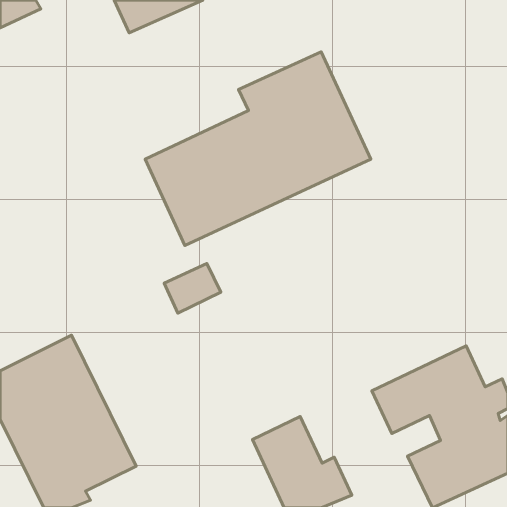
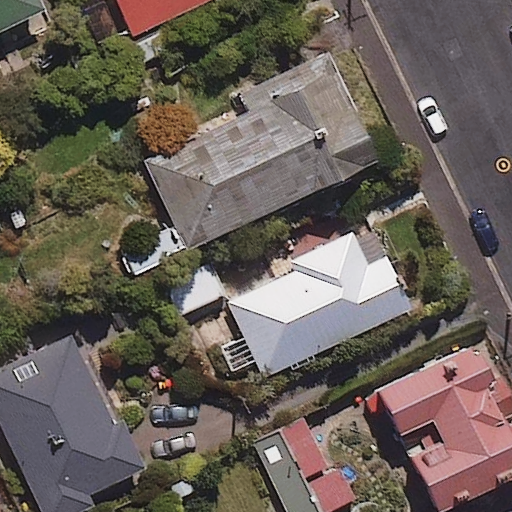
building: none -> [231,236,409,376]

